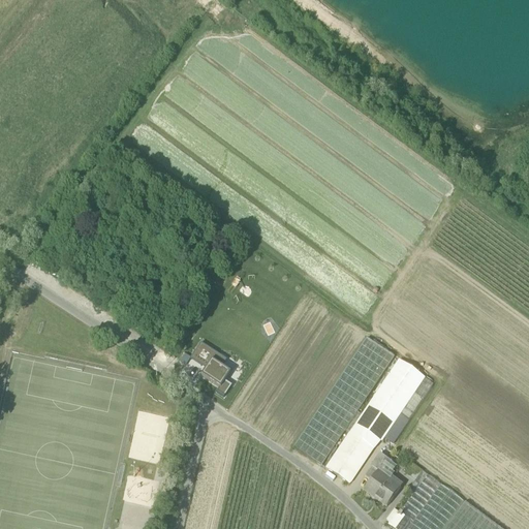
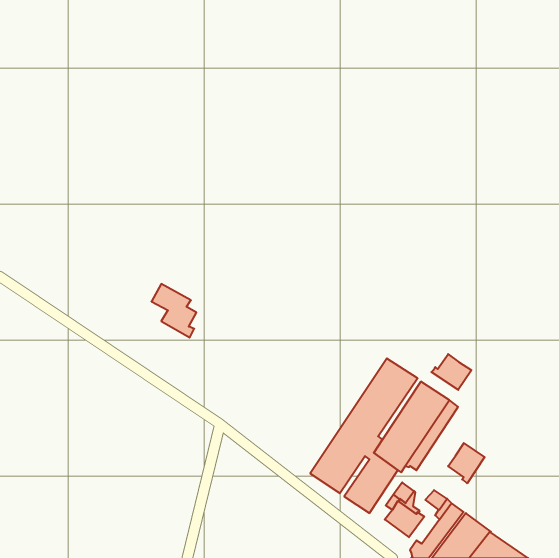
building: none -> [431,354,471,390]
building: [191,342,234,393] -> [151,284,196,338]
building: none -> [448,443,485,483]

